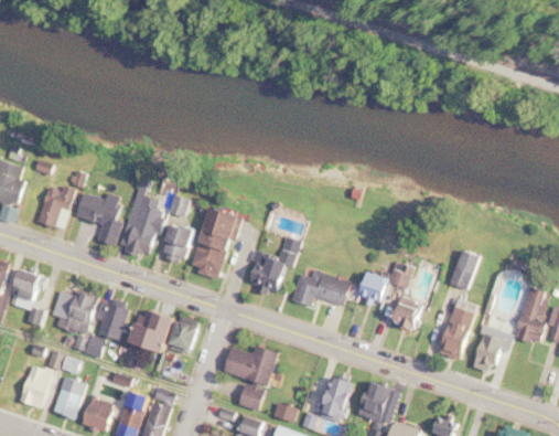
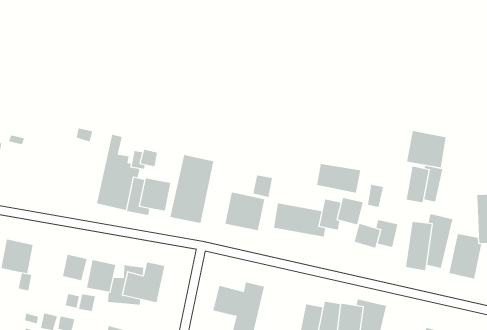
building: [34,185,76,228] -> none
building: [75,191,129,247] -> none
building: none -> [407,130,446,168]
building: none -> [316,163,361,193]
building: [49,290,75,320] -> none
building: [172,321,201,352] -> none

